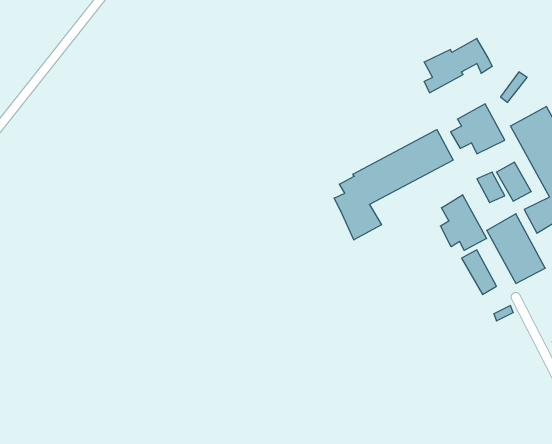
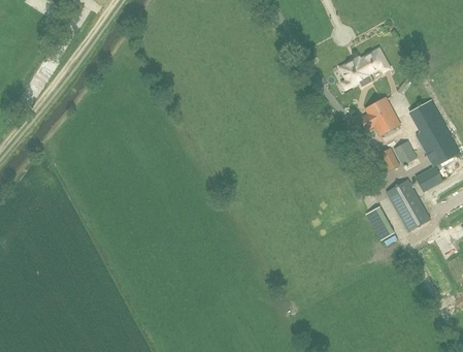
building: [334,130,453,240] -> none
building: [440,195,487,250] -> none

